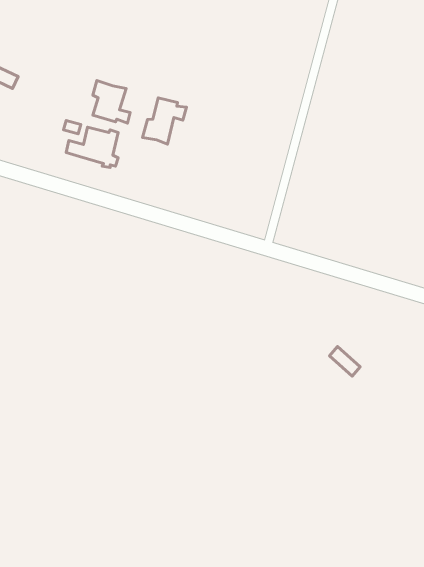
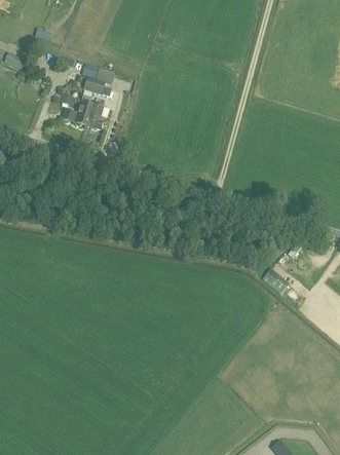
building: [143,98,187,144] -> none

